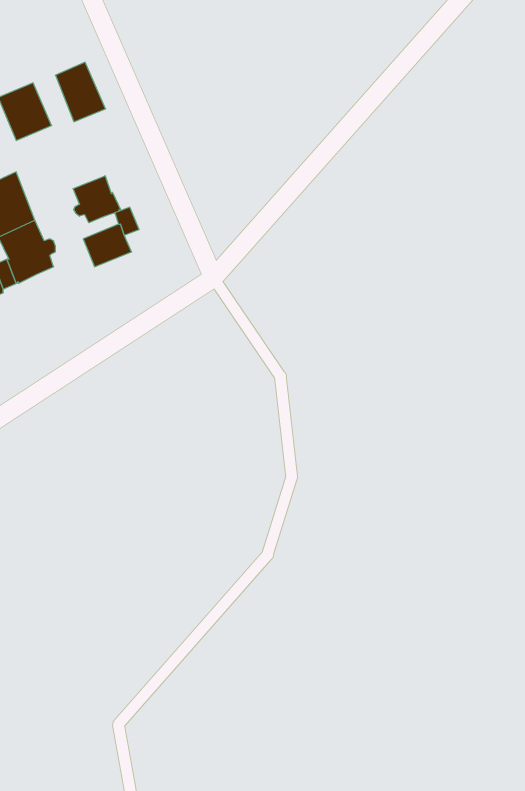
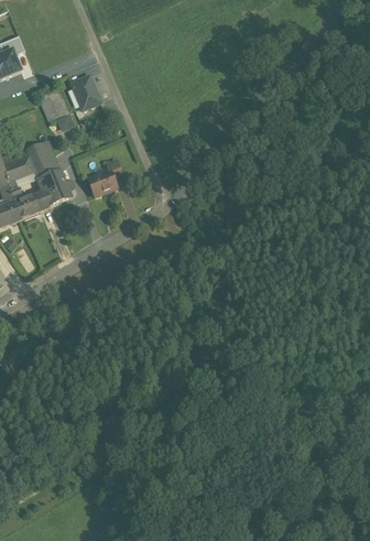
building: [73,176,121,223] -> none

